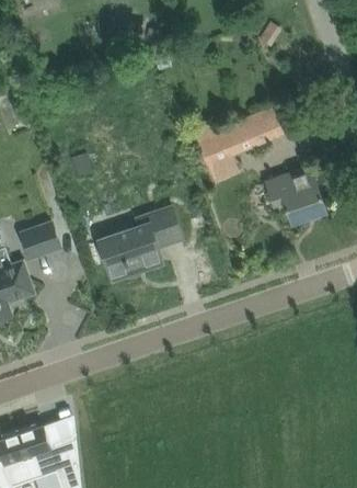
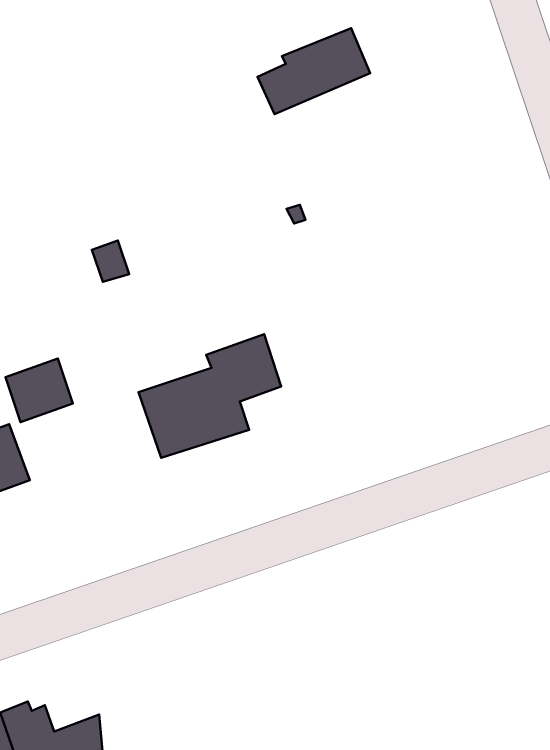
building: [200,114,266,164] -> [258,28,370,114]
building: [265,168,325,224] -> none

